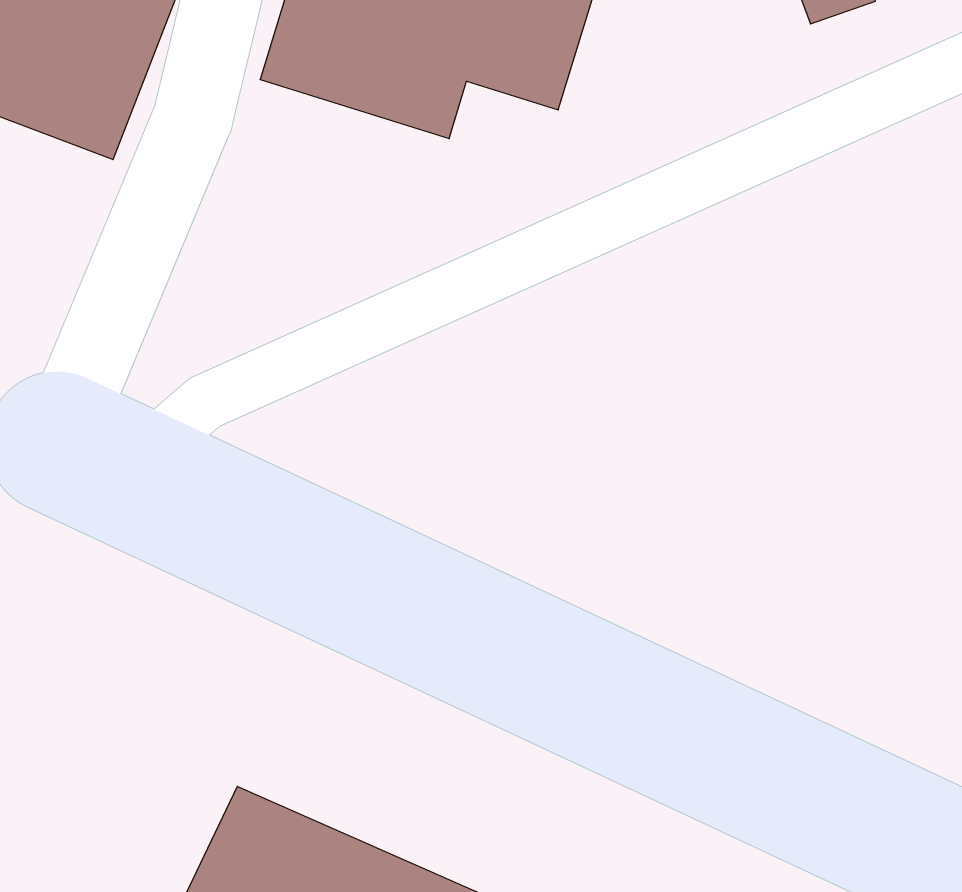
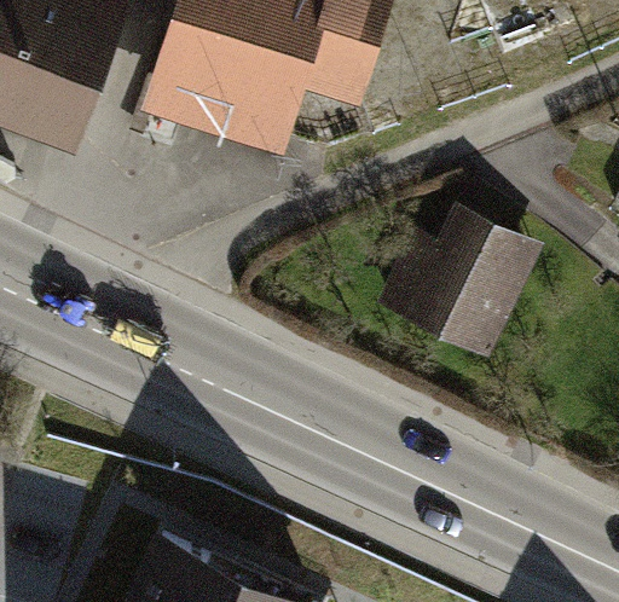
building: none -> [375,198,536,358]

